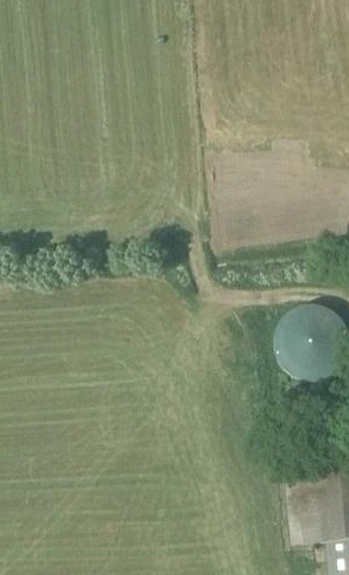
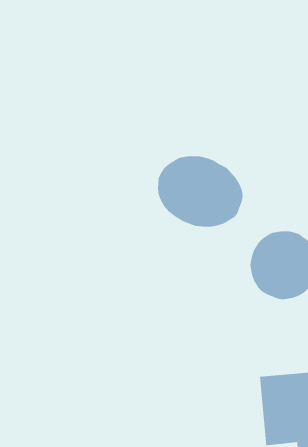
building: none -> [157,156,243,227]

